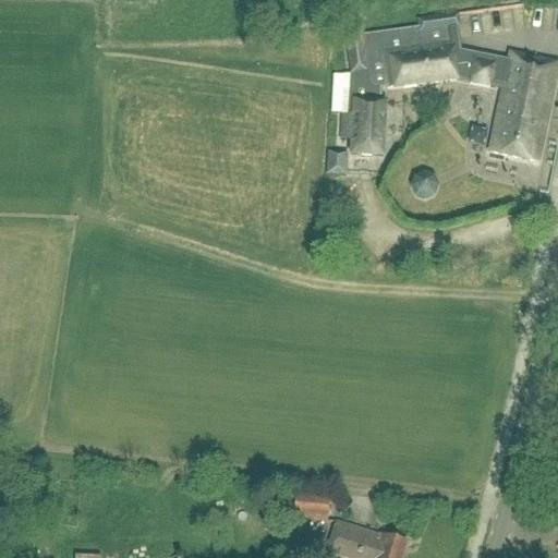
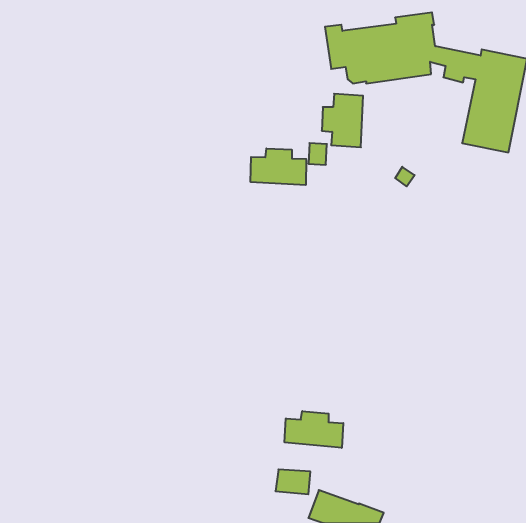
building: none -> [251,148,306,185]
building: none -> [285,411,343,448]

